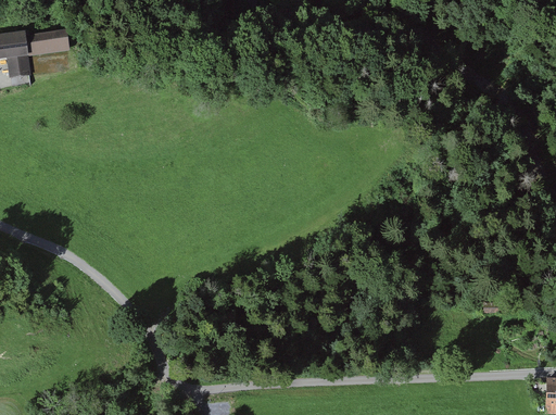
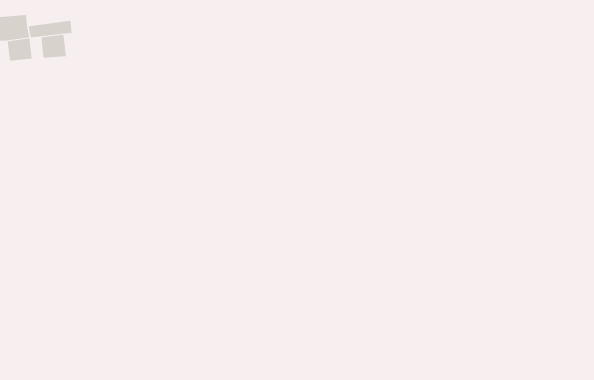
building: none -> [41,34,66,58]

